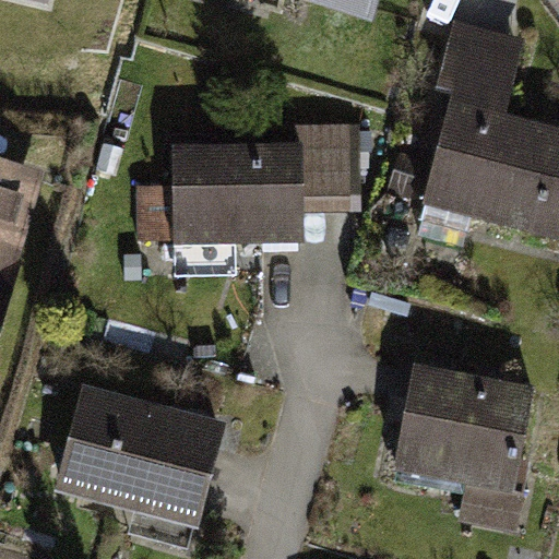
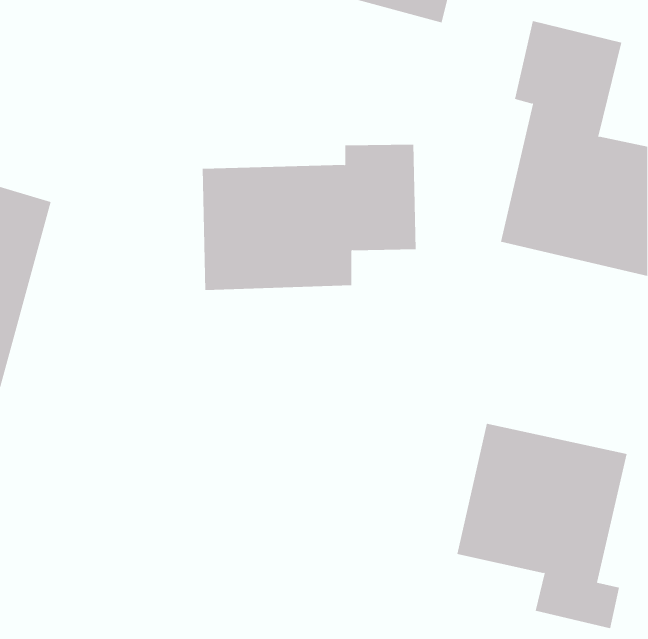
building: [55,388,222,531] -> none

